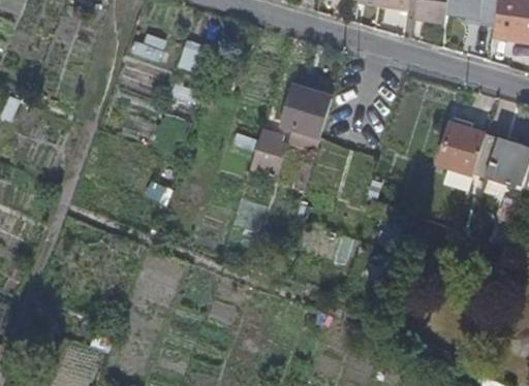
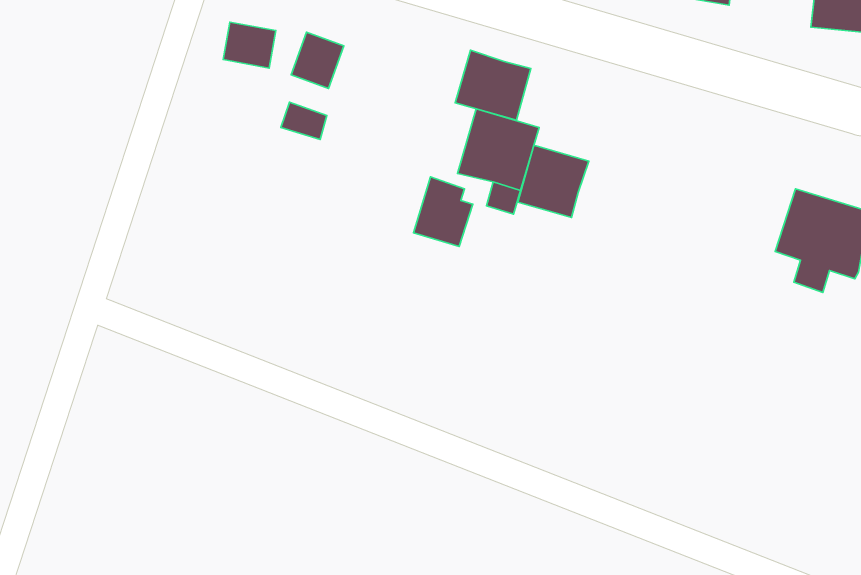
building: none -> [455,50,531,120]
building: none -> [518,145,589,217]
building: [436,122,485,190] -> none

